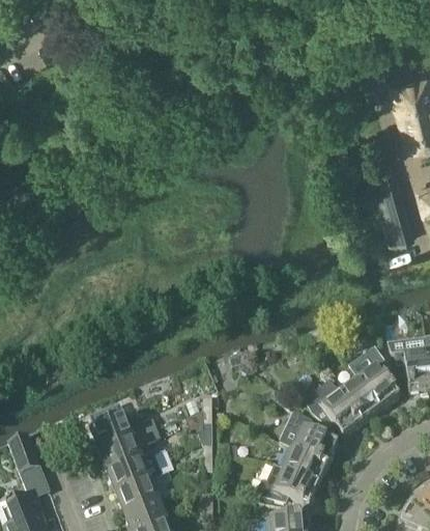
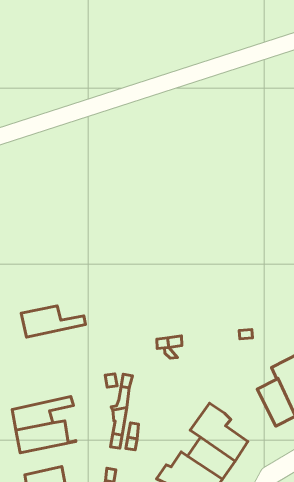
building: [305,382,363,437] -> none
building: [90,416,155,452] -> [21,306,85,337]
building: [115,473,171,514] -> none

